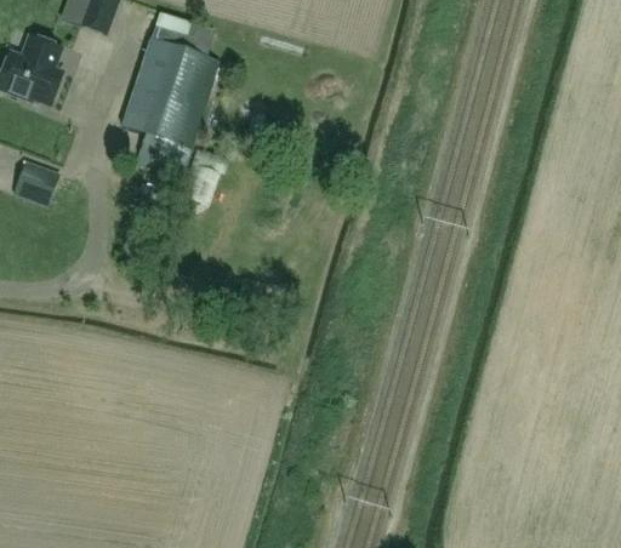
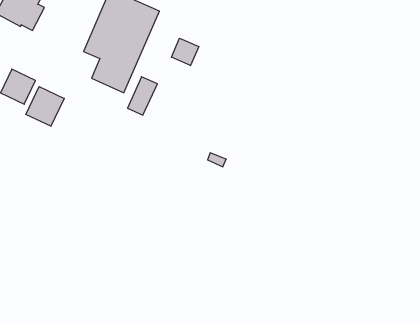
building: none -> [171,38,199,66]
building: none -> [26,87,64,126]

